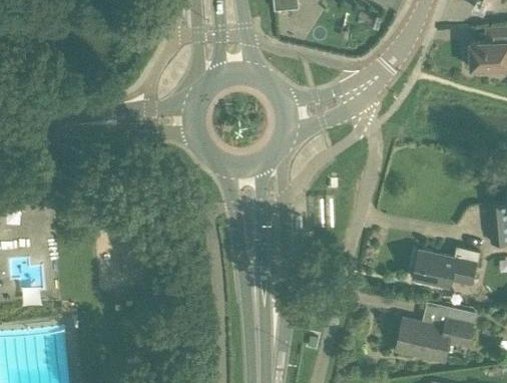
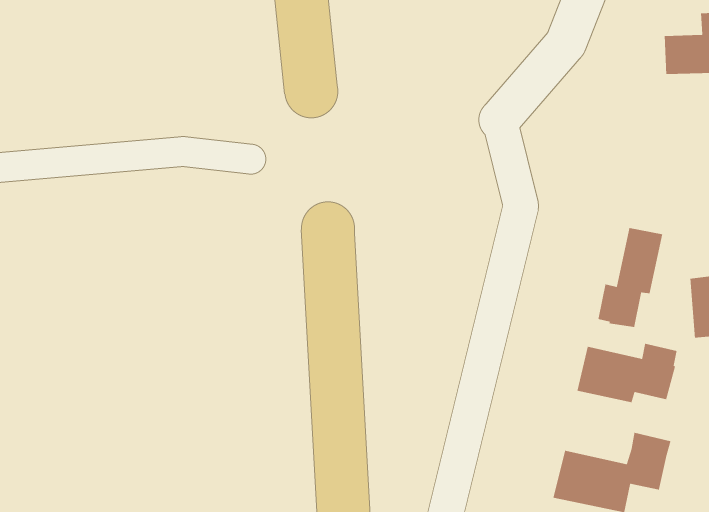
building: none -> [597,227,663,328]

